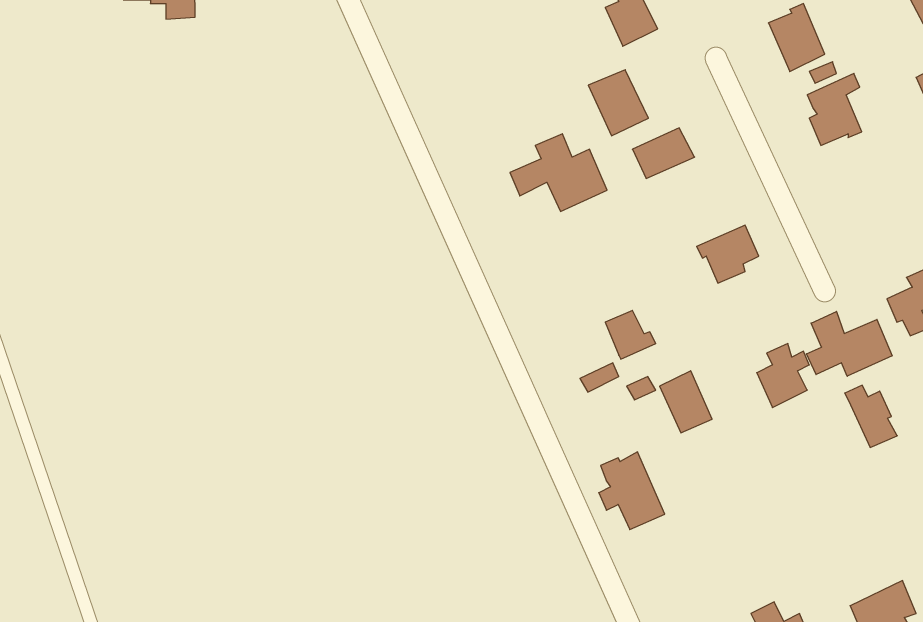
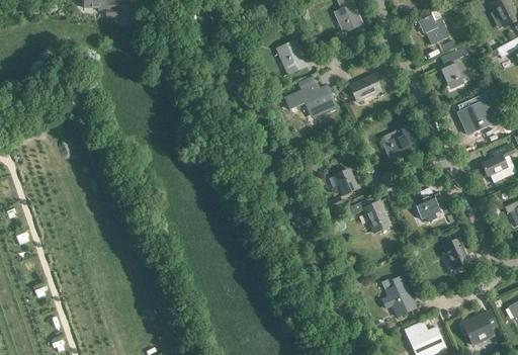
building: [588,70,648,136] -> [276,40,308,75]
building: none -> [458,104,487,135]
building: [807,311,892,376] -> none
building: [845,385,897,447] -> [440,236,467,268]
building: [599,452,665,530] -> [381,276,416,317]

